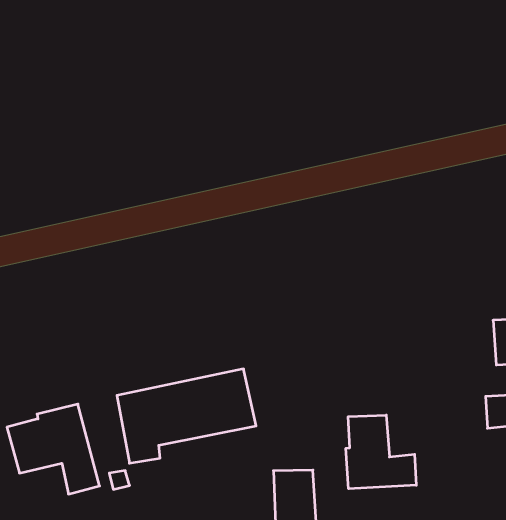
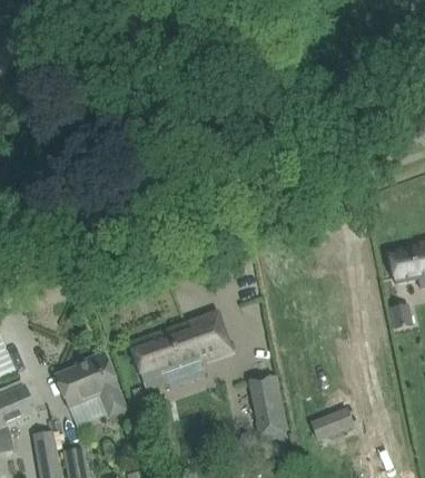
building: [346,415,416,489] -> none

